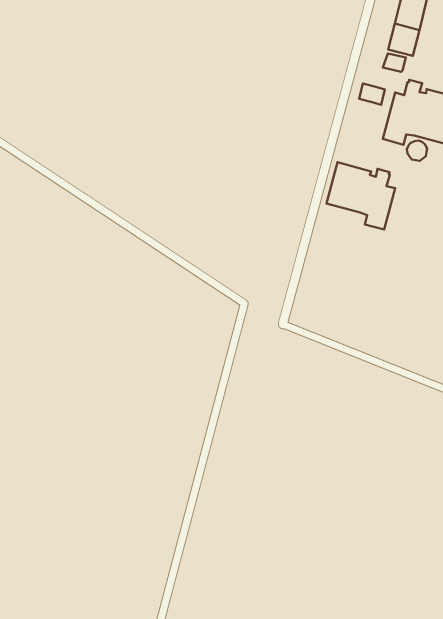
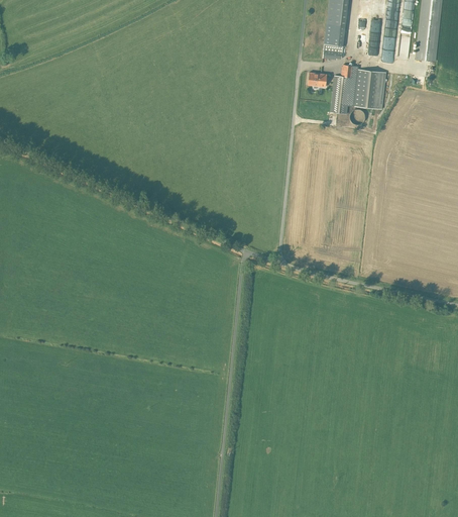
building: [326,162,395,229] -> none

